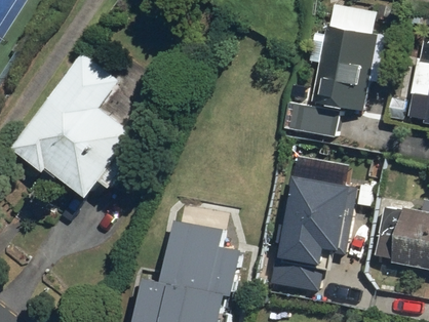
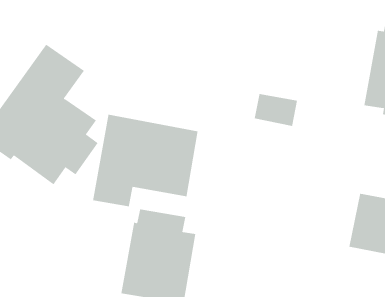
building: [311,25,376,111] -> none
building: none -> [93,114,198,207]
building: [270,175,357,291] -> none

